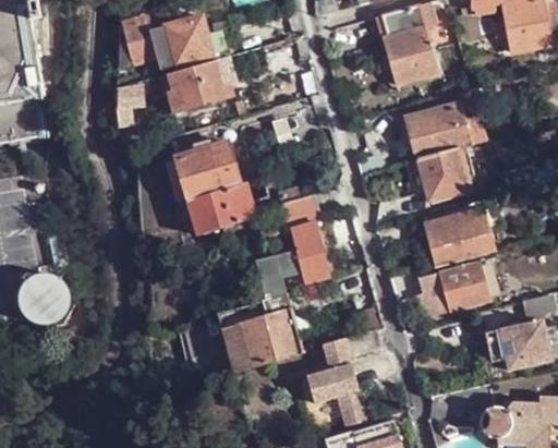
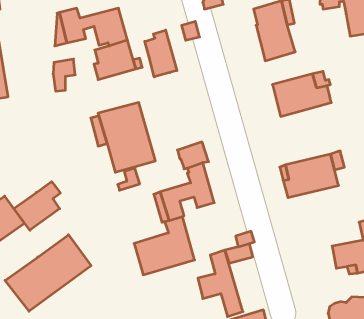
building: none -> [145,30,177,77]
building: [405,149,469,203] -> none
building: none -> [14,182,60,230]
building: [423,262,488,316] -> none
building: none -> [5,235,91,311]

